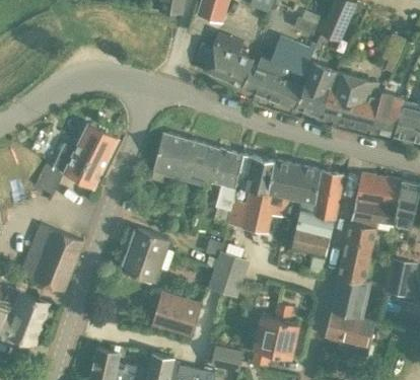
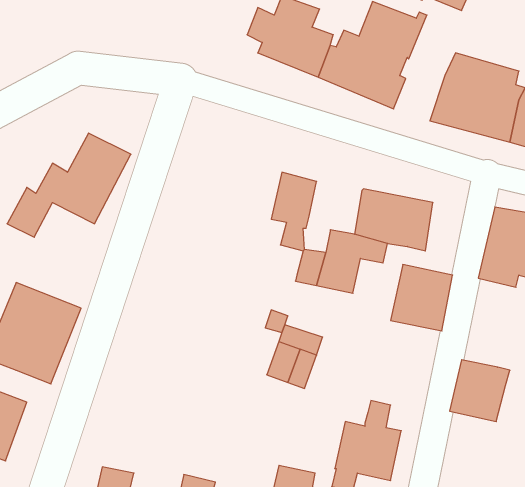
building: [293,62,335,117] -> none
building: [153,135,218,188] -> none
building: [236,157,272,193] -> none
building: [299,171,344,220] -> none
building: [338,222,375,282] -> none
building: [123,228,167,280] -> none
building: [152,294,199,337] -> none
building: [325,312,375,358] -> none

